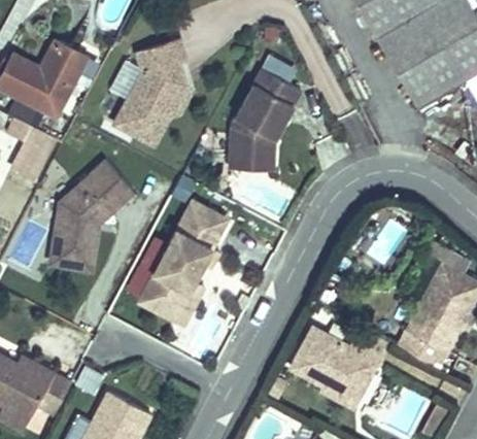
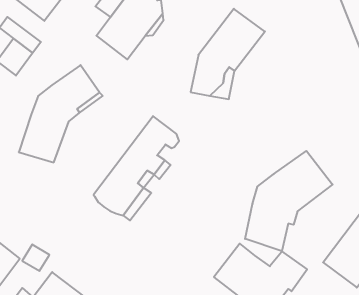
building: none -> [245,151,333,251]

